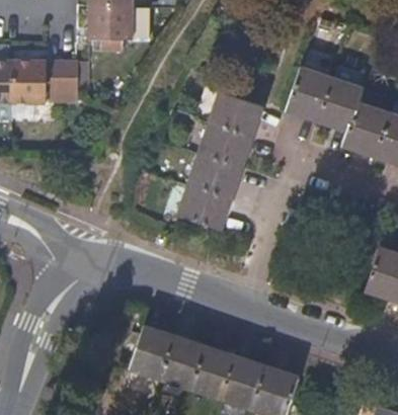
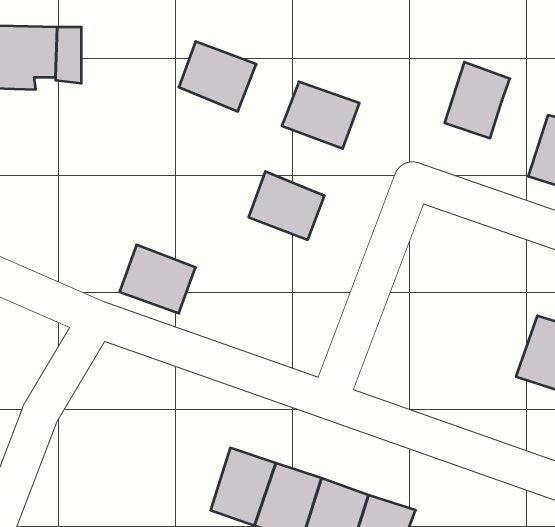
building: [287,69,330,120] -> none
building: [342,105,386,156] -> none
building: [197,122,249,169] -> [179,42,256,111]
building: [175,183,226,229] -> [120,245,196,313]
building: [134,328,174,379] -> none

